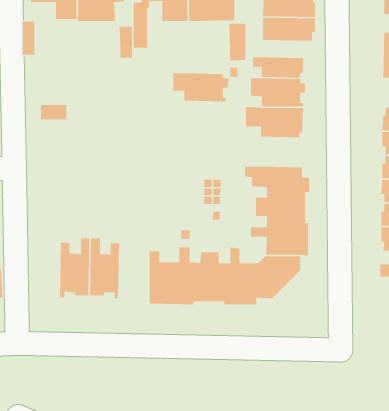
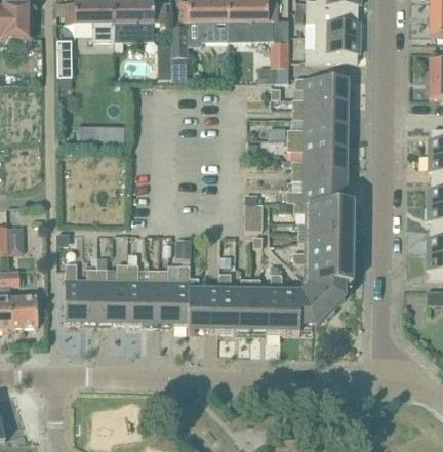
building: [173,72,229,102] -> [291,159,350,190]
building: none -> [65,261,96,325]
building: none -> [157,263,190,326]

